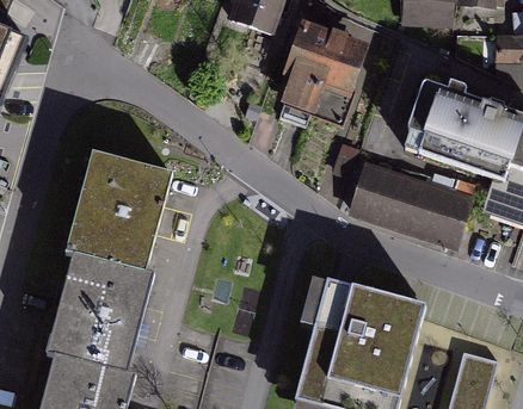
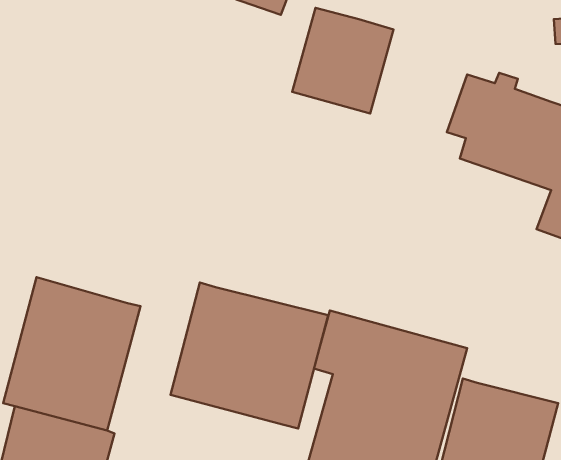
building: [64,148,173,272] -> none
building: [346,162,472,247] -> none
building: none -> [171,282,328,429]

